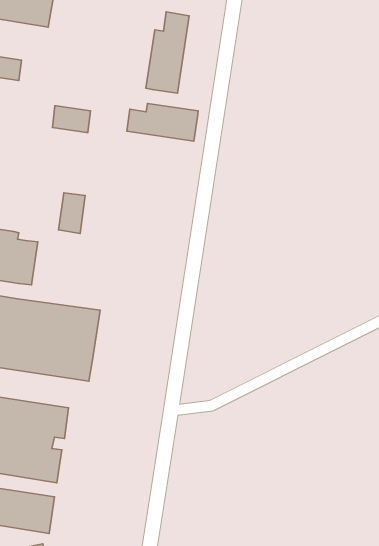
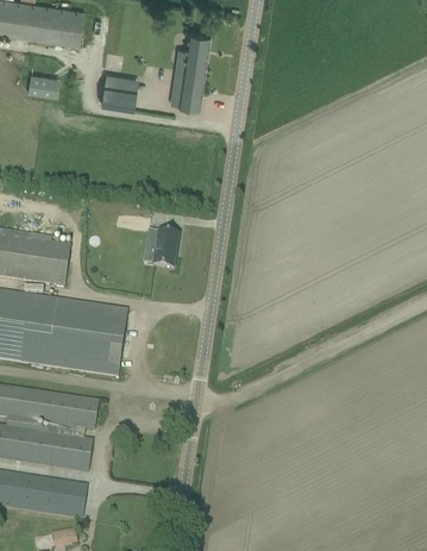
building: [127,103,198,141] -> none
building: [52,106,90,133] -> [101,81,137,106]
building: [59,193,85,234] -> [152,230,177,268]

